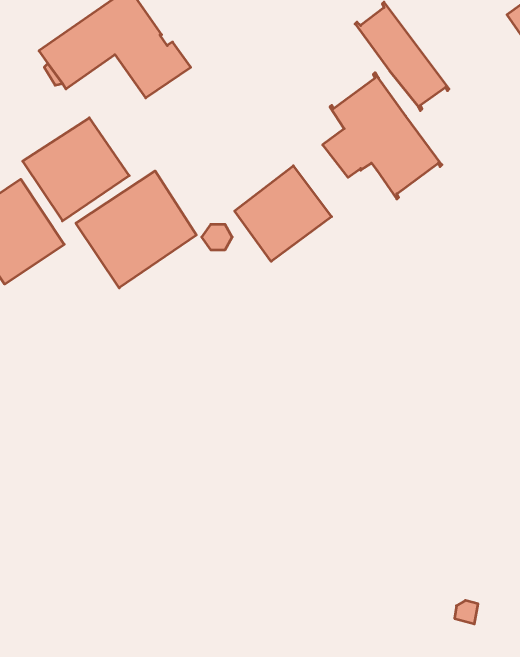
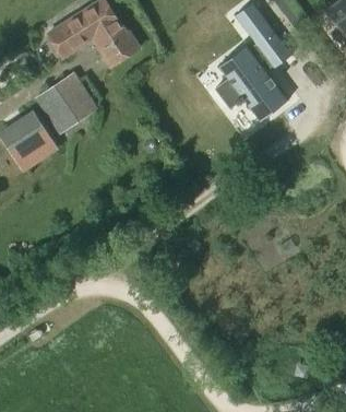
building: [235,166,332,261] -> none
building: [76,171,196,288] -> none

